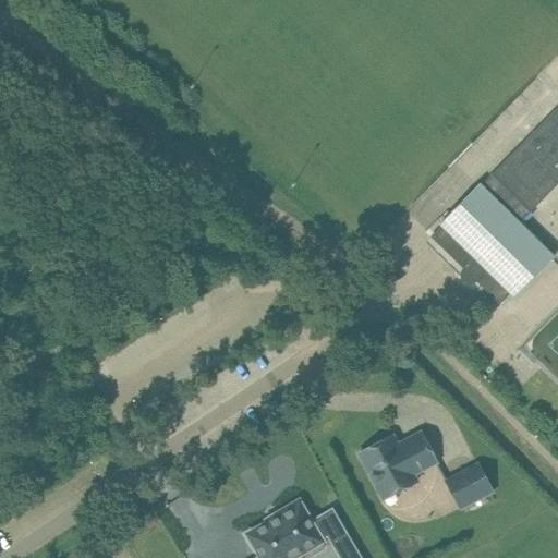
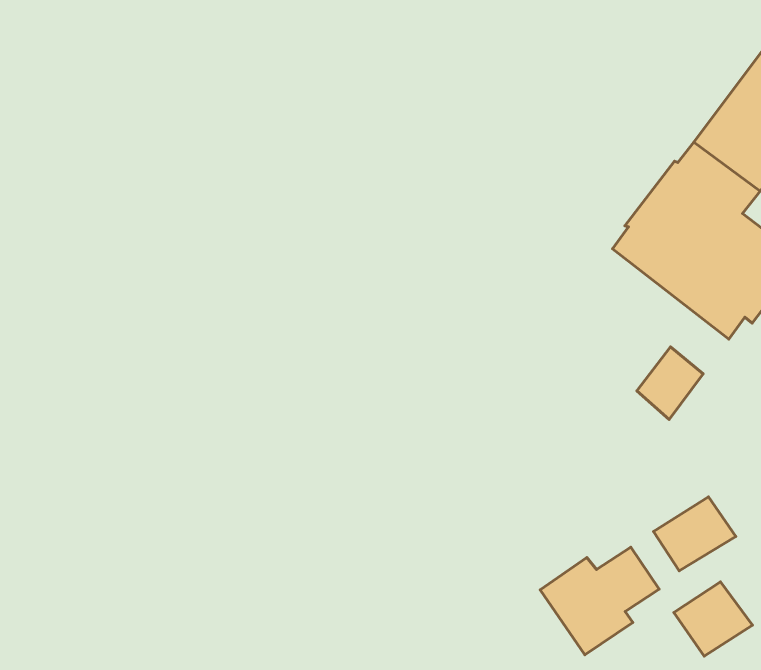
building: none -> [637,347,703,419]
building: none -> [653,497,736,571]

